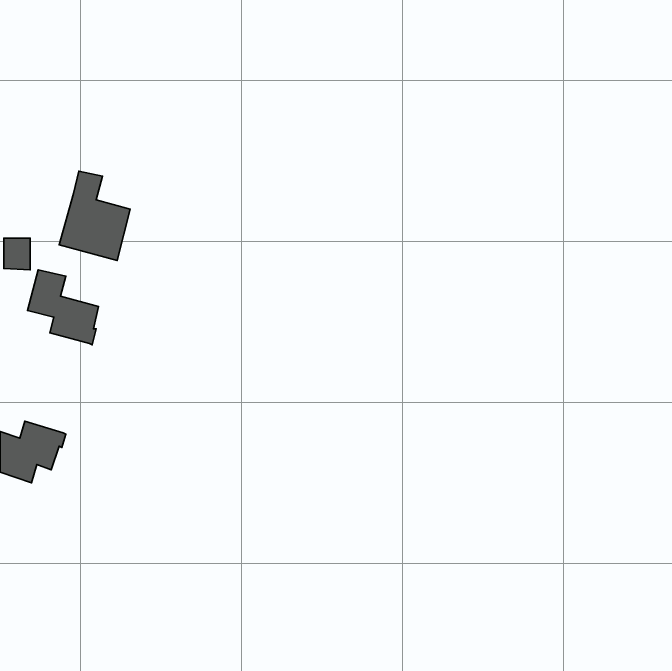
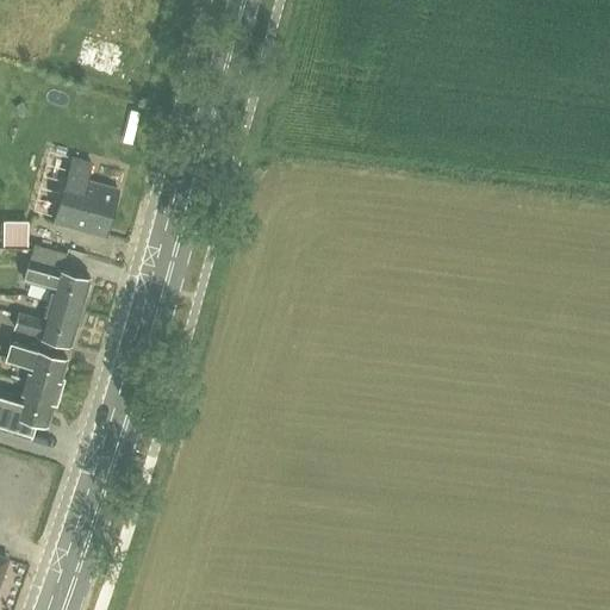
building: none -> [14,303,83,346]
building: none -> [5,342,67,394]

